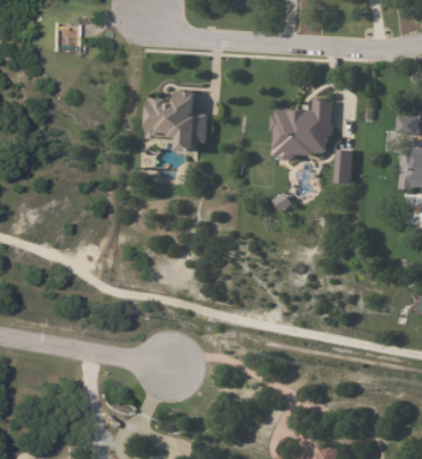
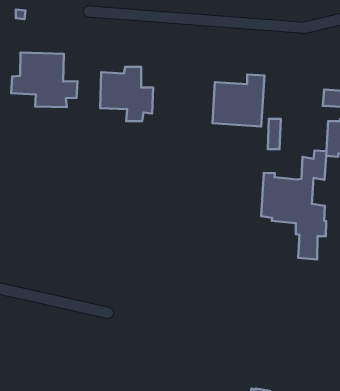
building: none -> [11,53,78,107]
building: none -> [261,151,326,260]

